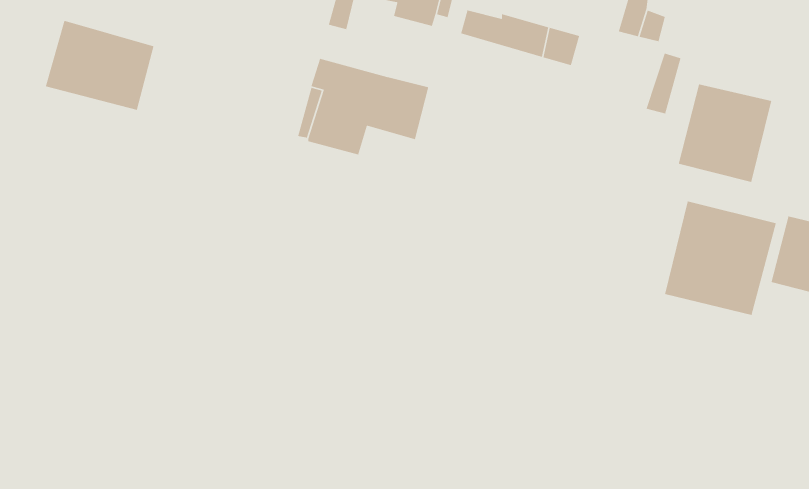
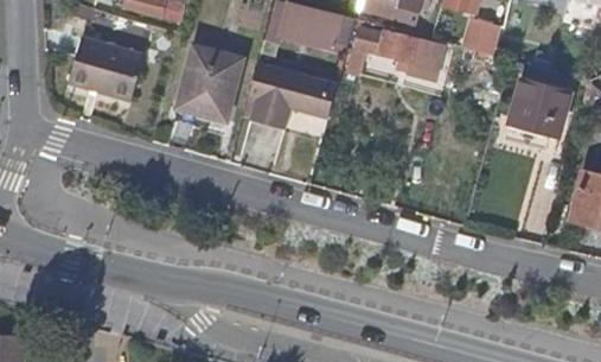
building: none -> [175,45,244,122]
building: [664,201,777,316] -> none

